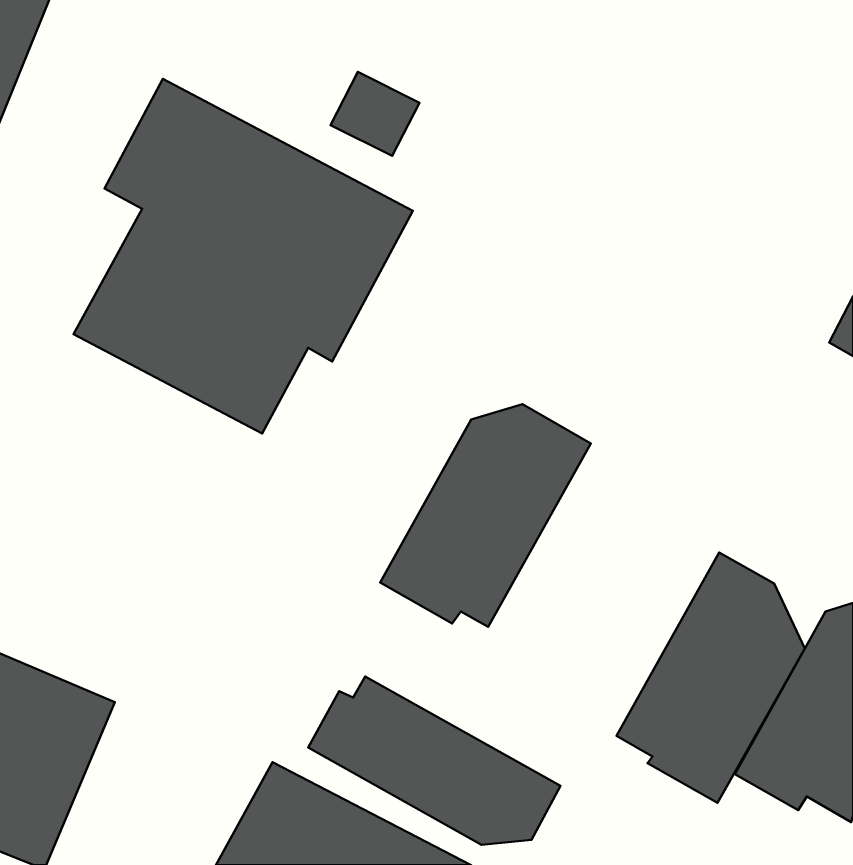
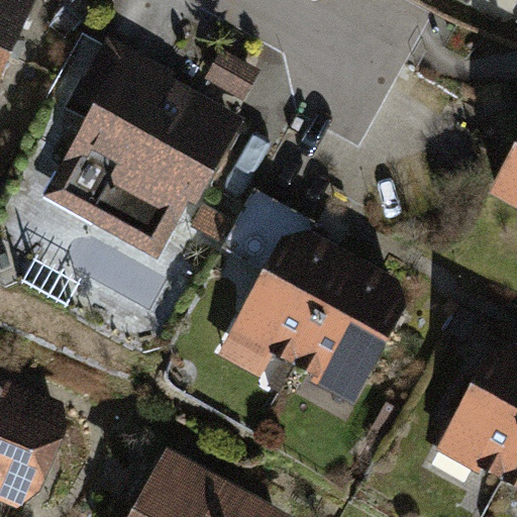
building: [617,553,805,803] -> [288,262,399,409]
building: [308,676,561,845] -> none

